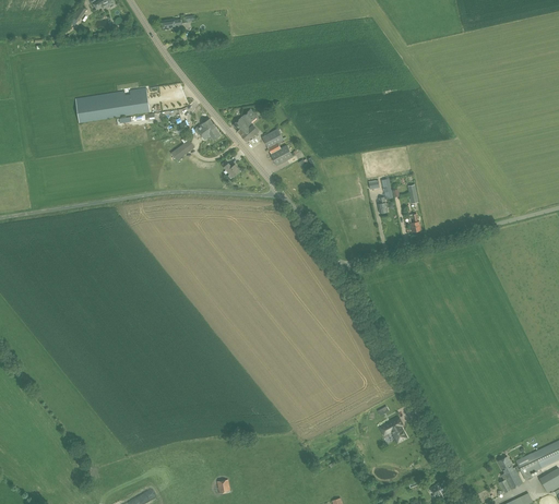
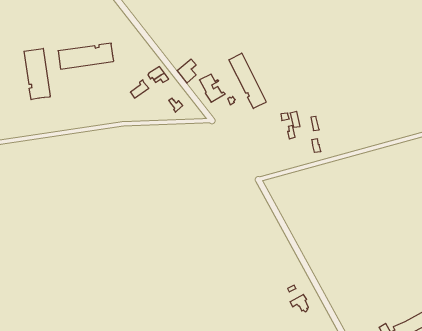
building: none -> [24,48,50,100]
building: none -> [229,53,266,109]

